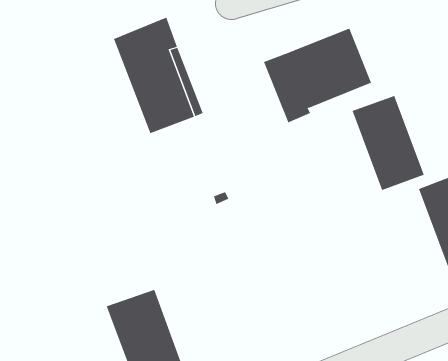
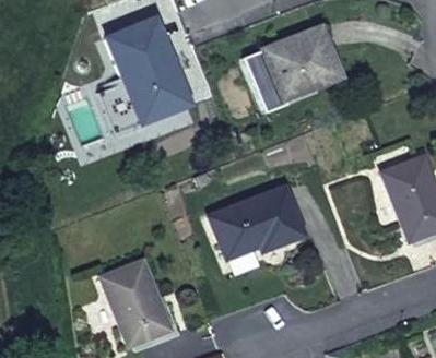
building: [352,95,425,191] -> none
building: none -> [210,187,304,258]

